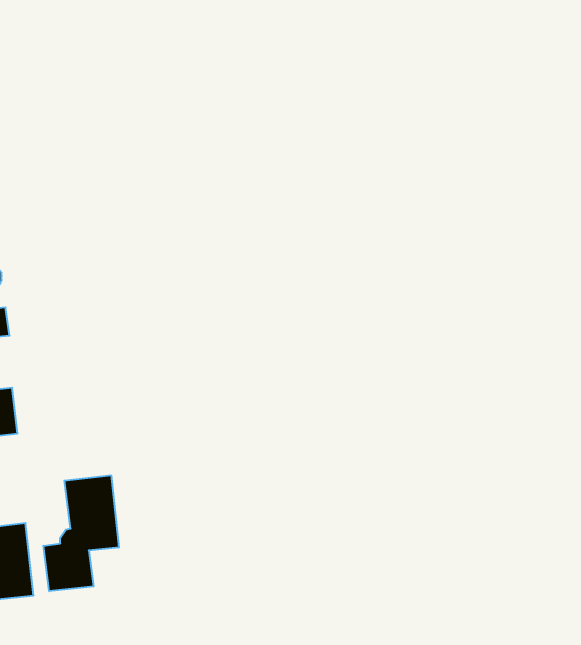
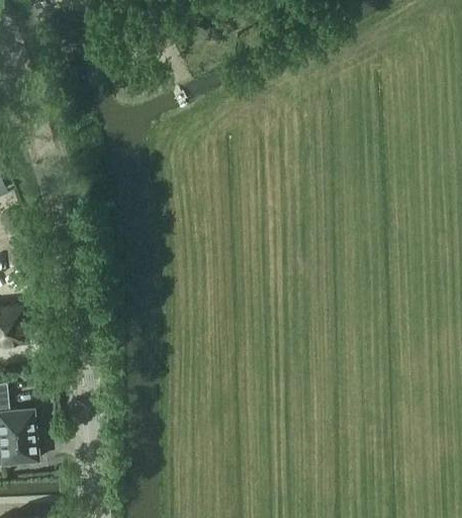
building: [43,475,119,591] -> none

